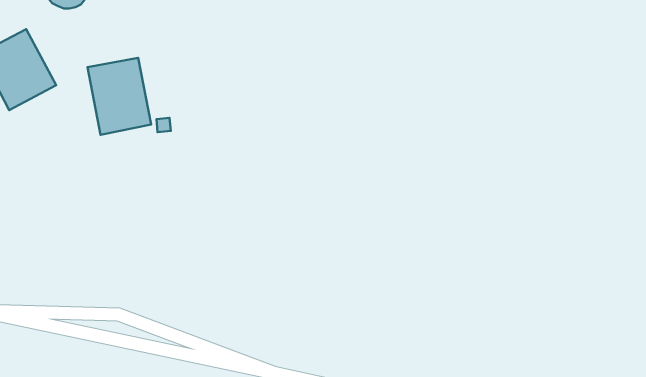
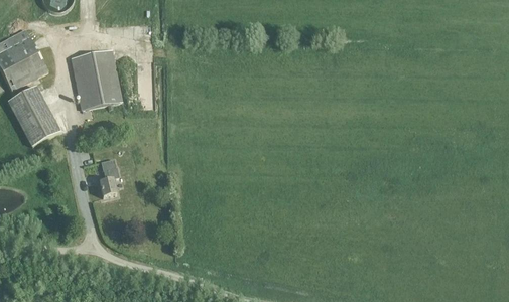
building: none -> [8,86,59,145]
building: none -> [99,158,119,196]

